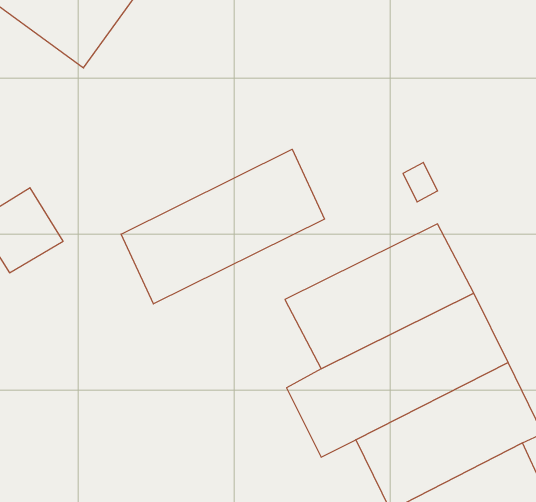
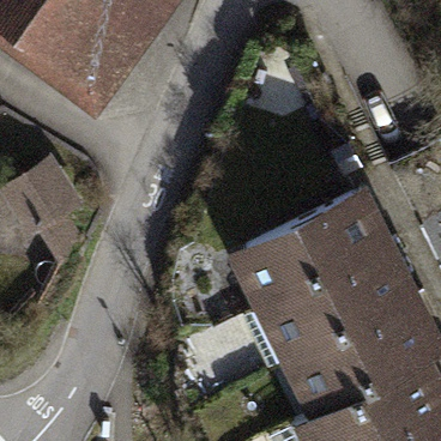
building: [121,149,325,304] -> none

